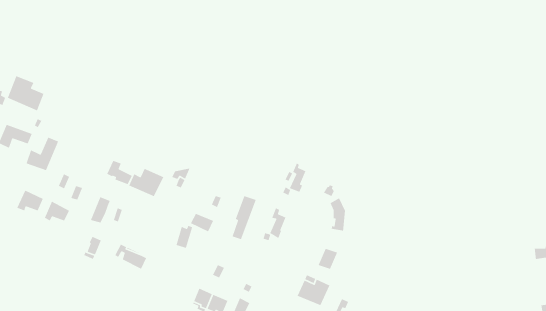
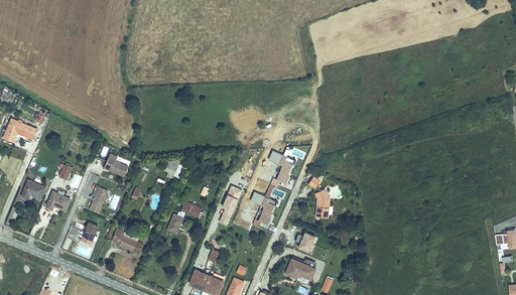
building: [7,75,45,112] -> none
building: [25,137,59,171] -> none
building: [128,168,165,197] -> none

